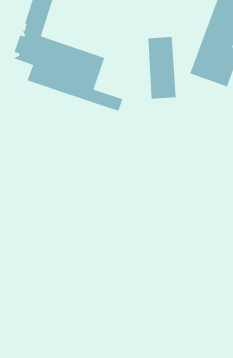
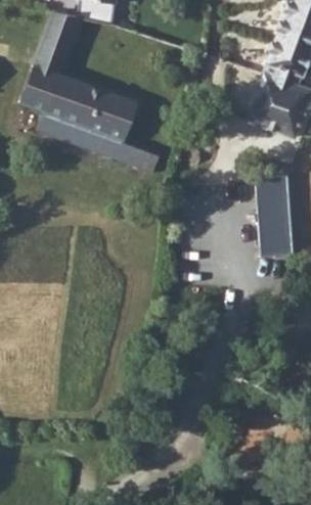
building: [147,36,177,99] -> [259,176,296,256]

